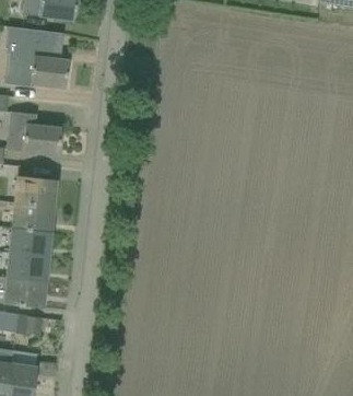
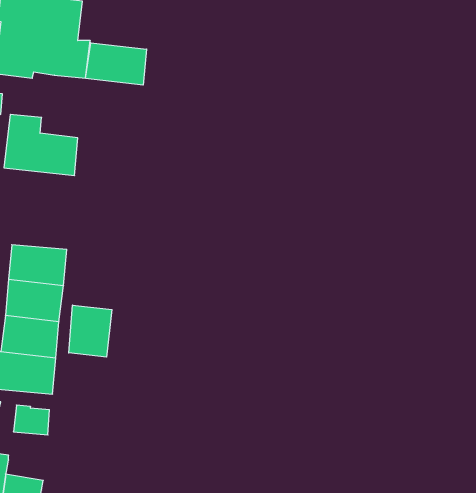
building: none -> [86,43,147,85]
building: [14,176,55,206] -> none
building: none -> [69,305,112,357]

